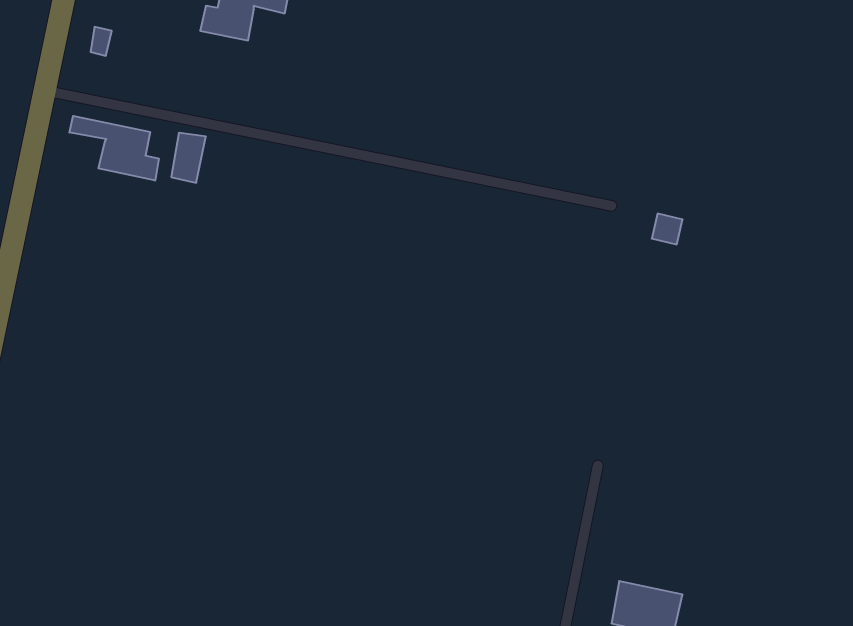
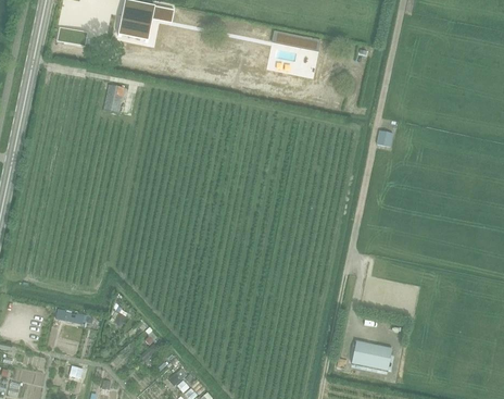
building: [69,116,159,181] -> none

